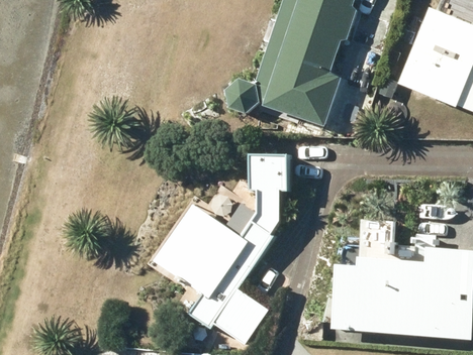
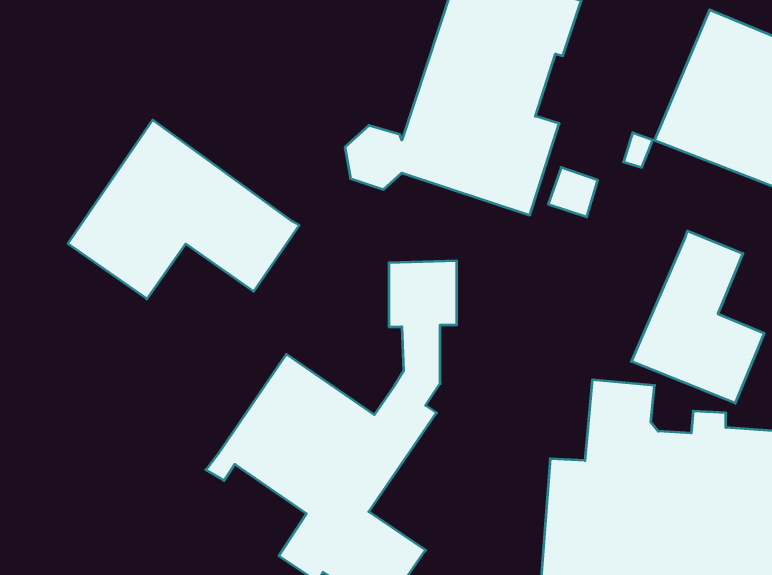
building: none -> [68,120,299,299]
building: none -> [631,231,764,403]

